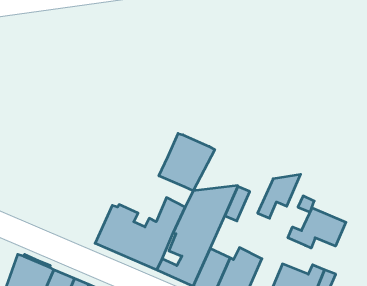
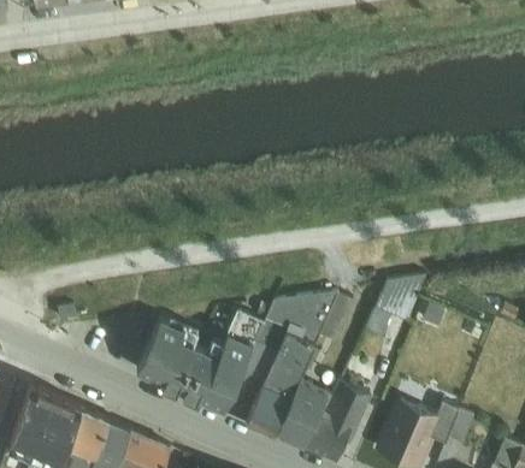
building: [159,133,215,191] -> none
building: [288,208,346,248] -> none

